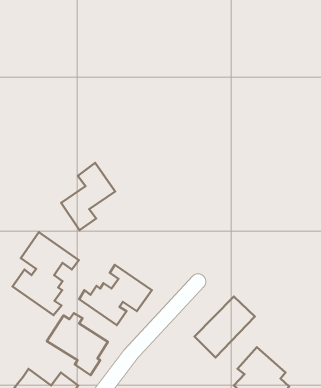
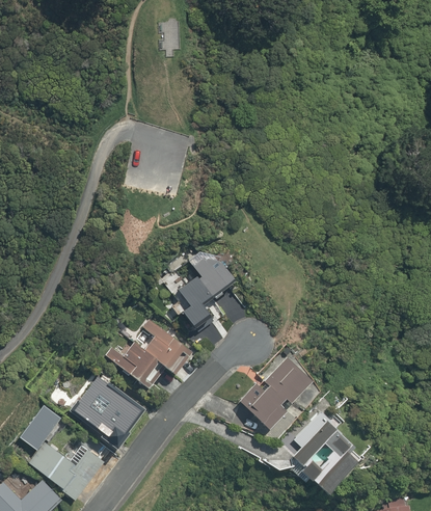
building: [61,163,115,230] -> [170,245,235,325]
building: [13,232,79,315] -> none
building: none -> [21,405,62,451]

